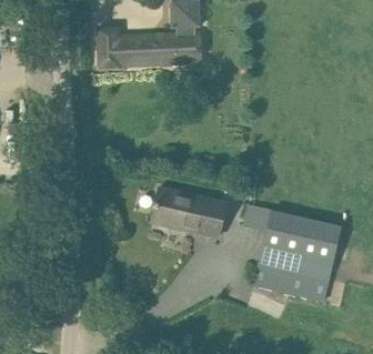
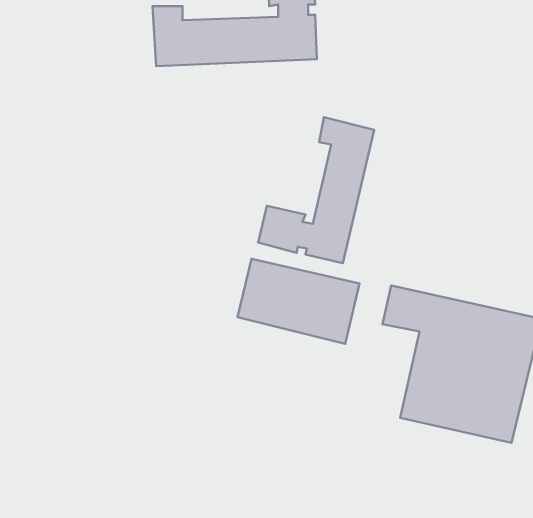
building: none -> [258,117,374,263]

